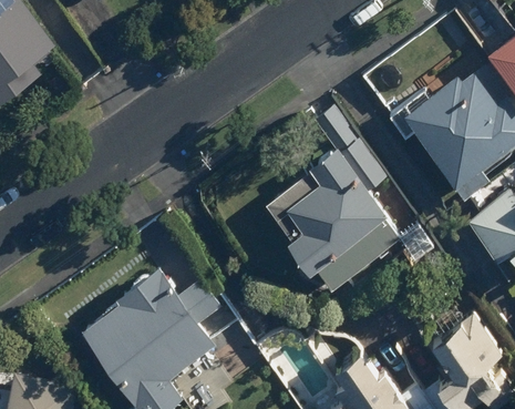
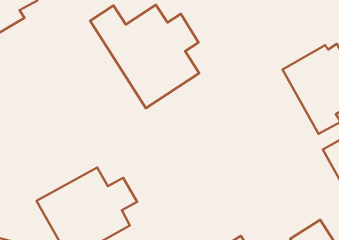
building: none -> [90,5,199,108]
building: [261,151,401,294] -> none

